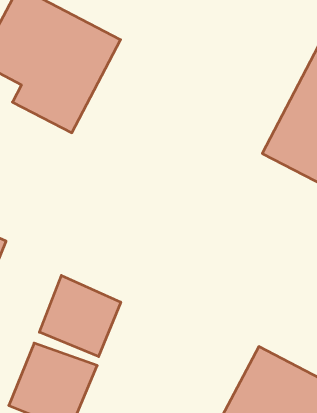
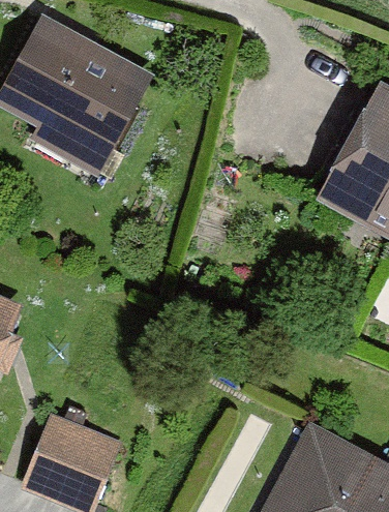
building: [39,275,121,357] -> none

